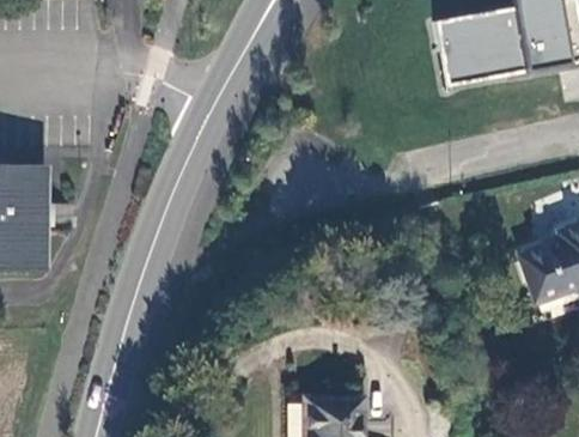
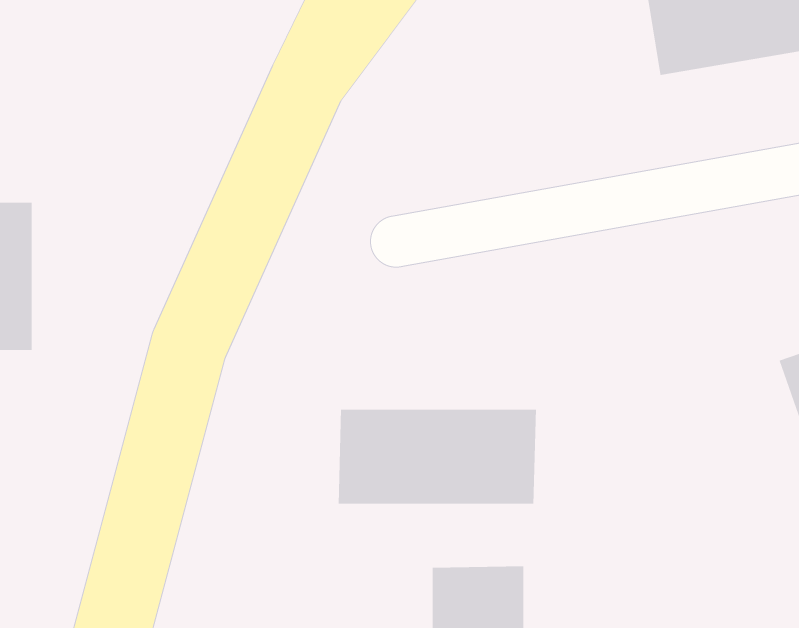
building: none -> [338,409,537,504]

